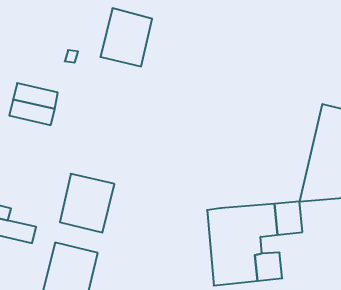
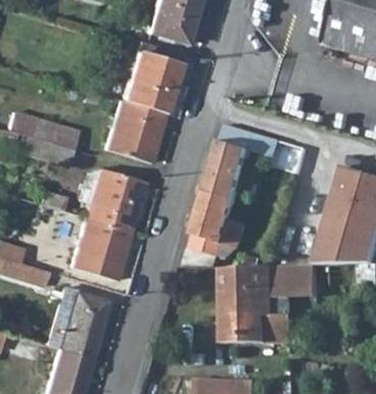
building: none -> [107,100,165,162]
building: none -> [195,124,286,255]
building: none -> [74,169,144,232]

